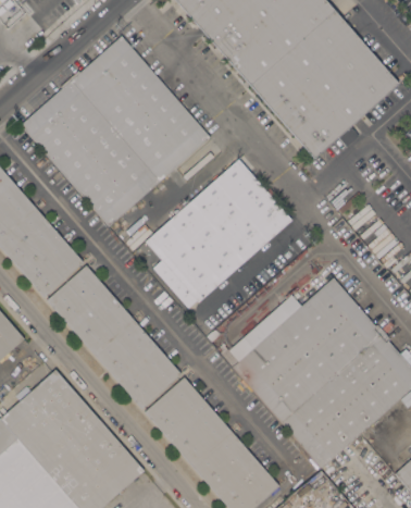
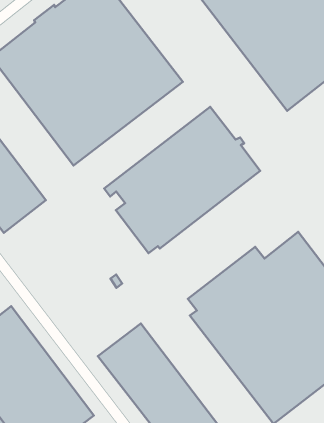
building: [46,265,182,409] -> none

